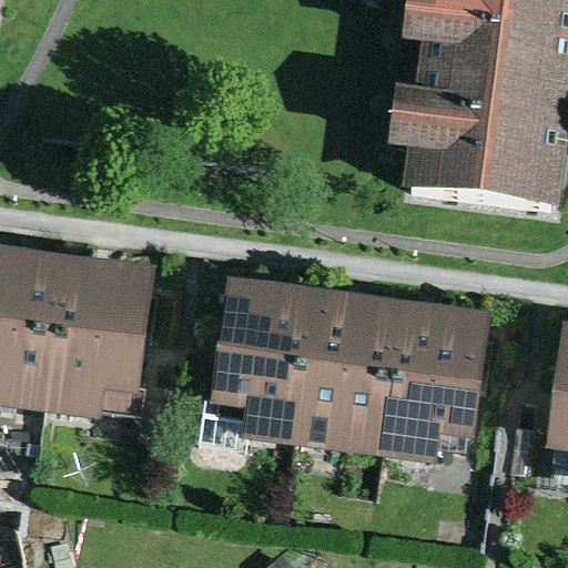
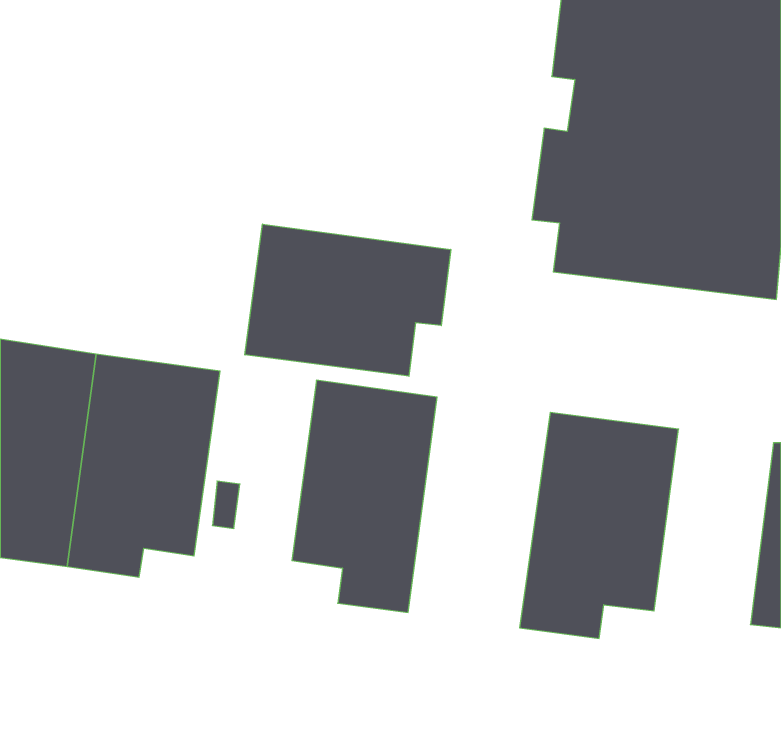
building: none -> [245,224,451,376]
building: [296,288,399,456] -> none

